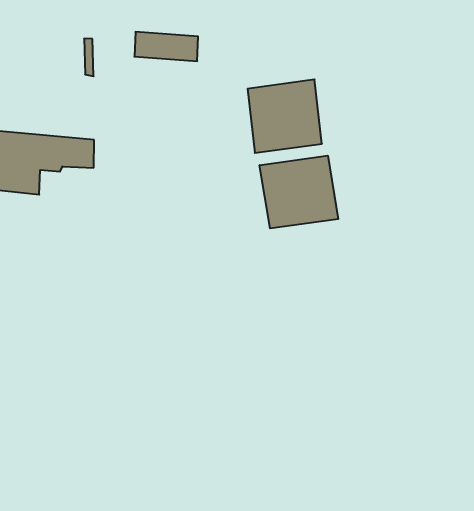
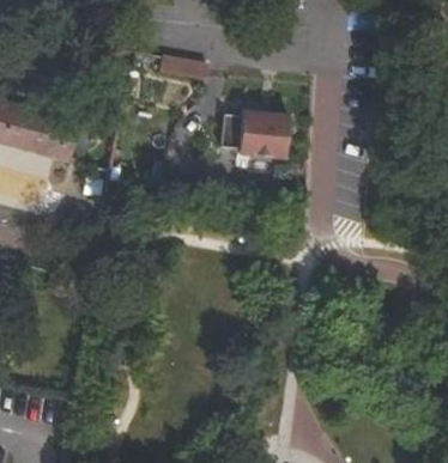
building: [260,156,338,228] -> none

